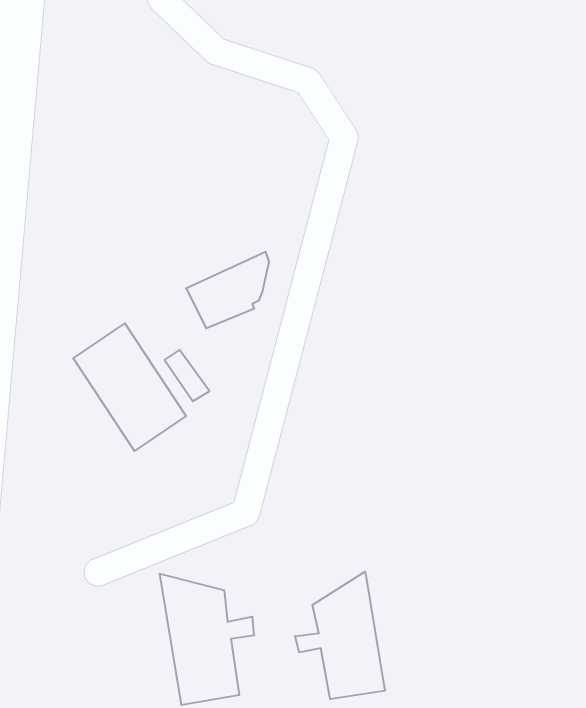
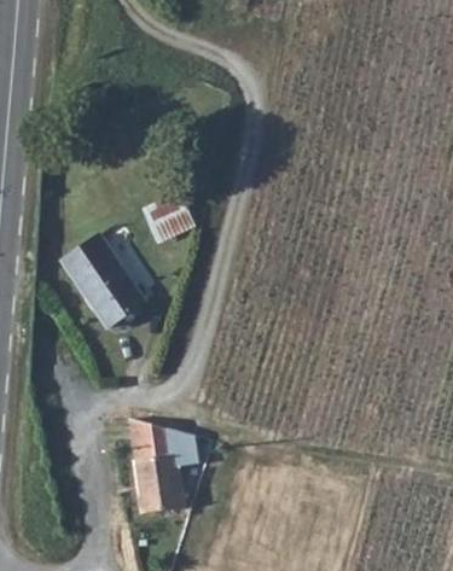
building: [295,572,385,699] -> none

